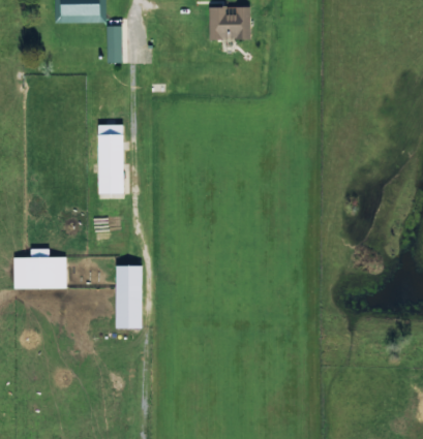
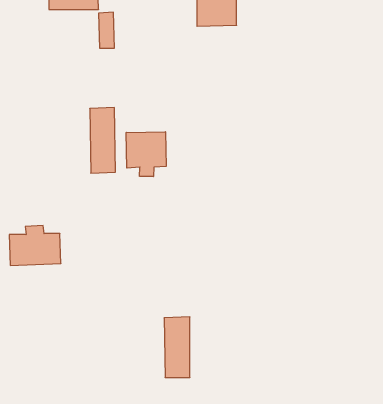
building: none -> [126,132,166,177]
building: [115,264,142,327] -> [164,317,190,377]

